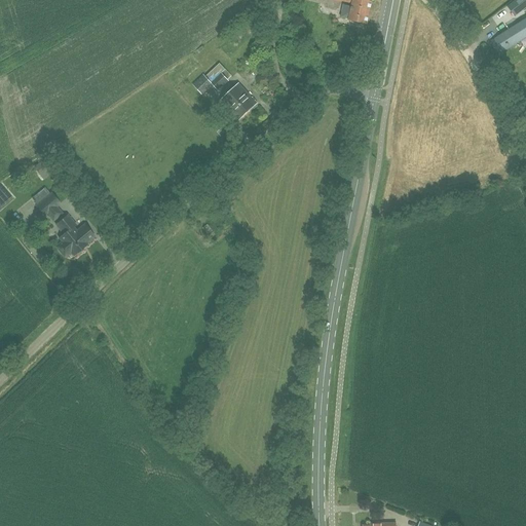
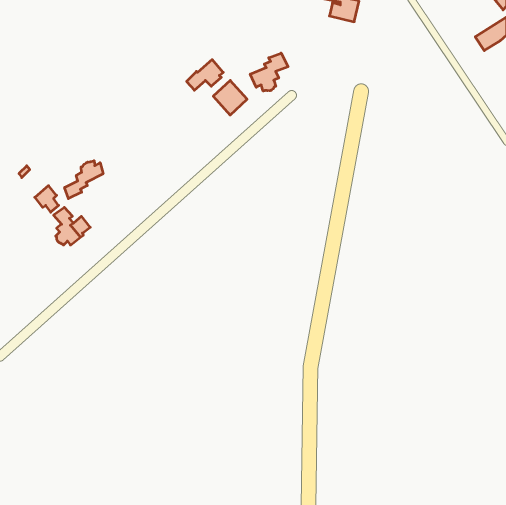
building: none -> [250,53,288,91]
building: none -> [65,161,103,199]

